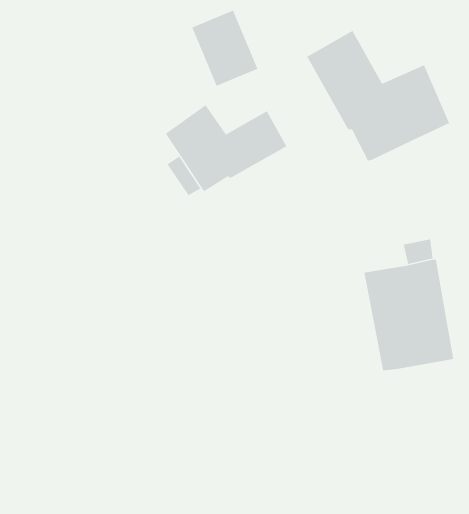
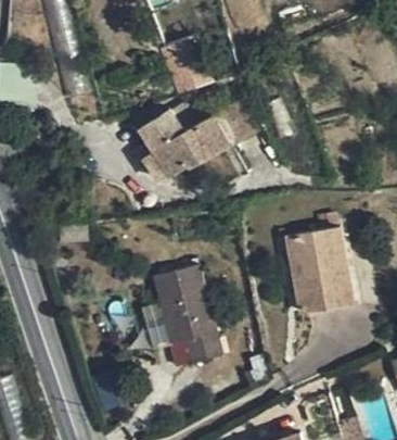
building: [306,30,450,162] -> none
building: none -> [152,265,222,363]

